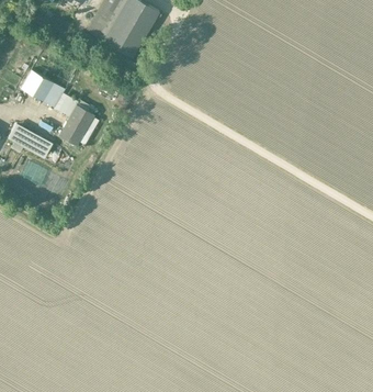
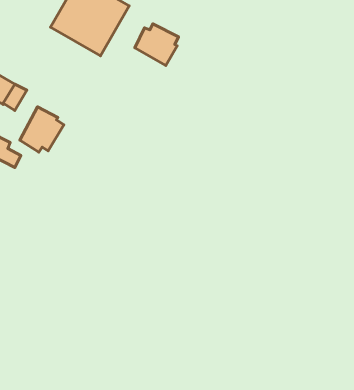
building: none -> [135,24,178,65]

